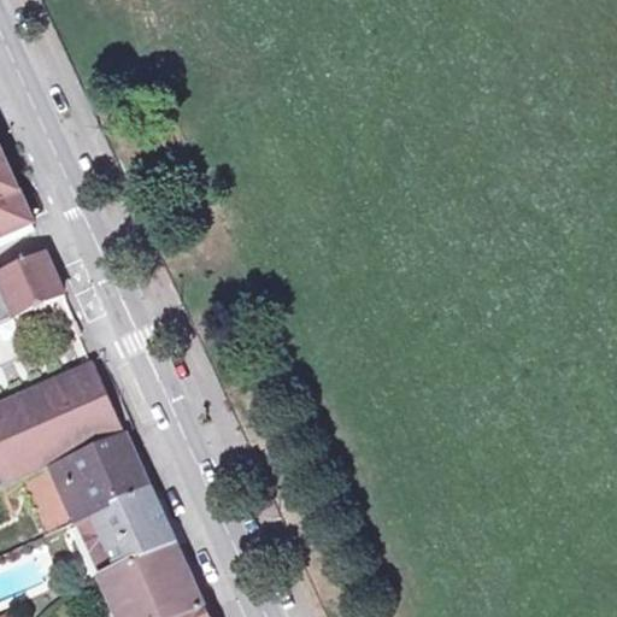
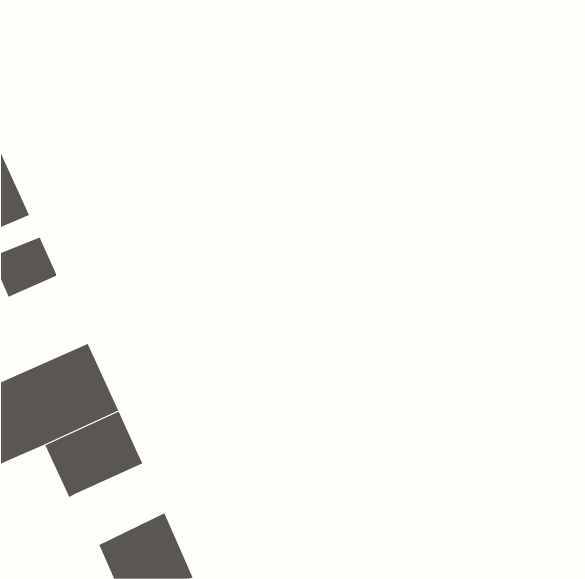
building: [22,469,72,535] -> none
building: [80,488,174,574] -> none

